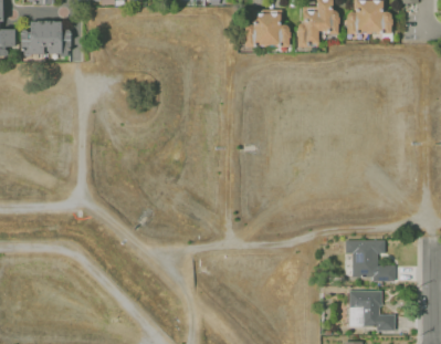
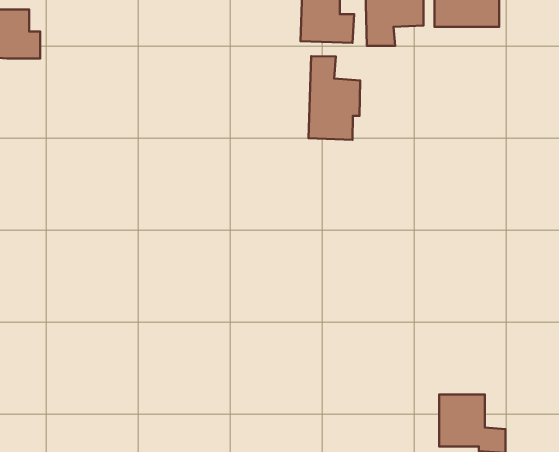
building: none -> [308,56,360,140]
building: [346,240,395,282] -> none

